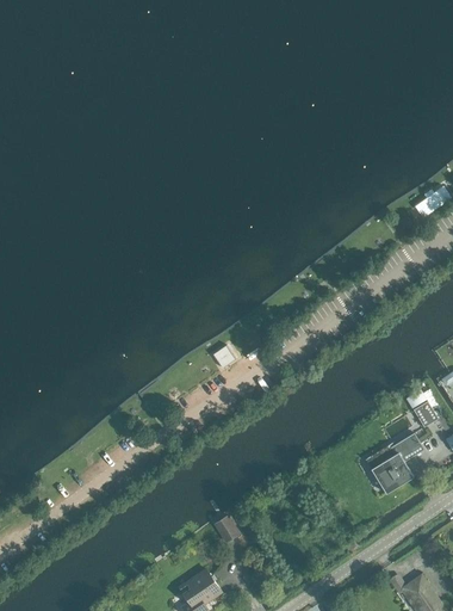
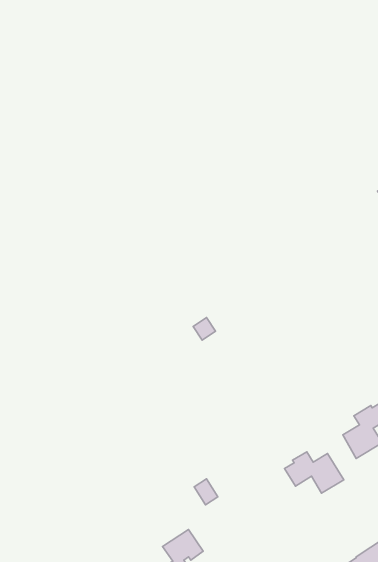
building: none -> [285,452,344,493]

